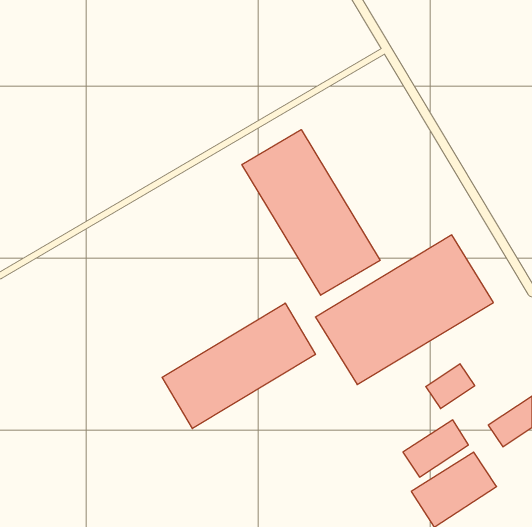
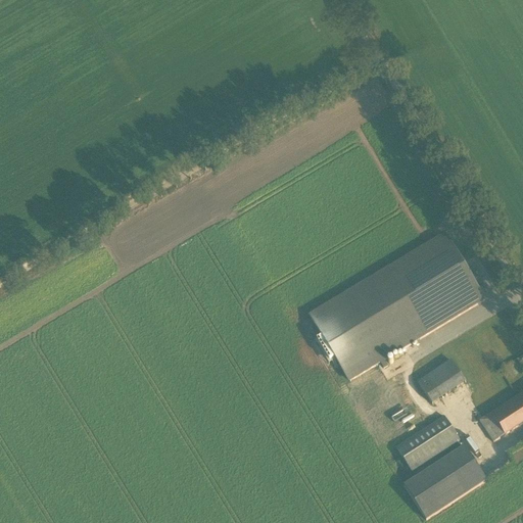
building: [242,130,380,295] -> none
building: [162,303,315,429] -> none

